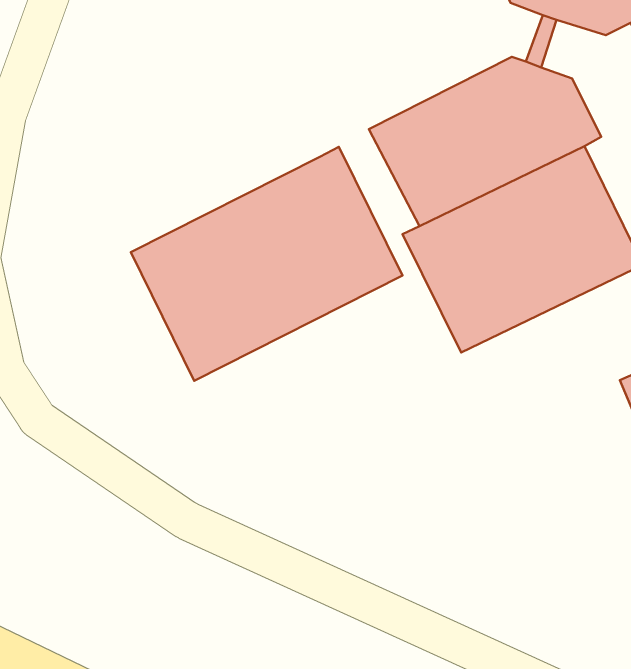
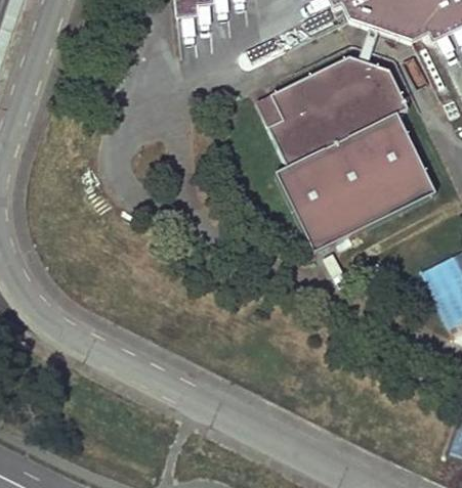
building: [131,147,403,381] -> none

